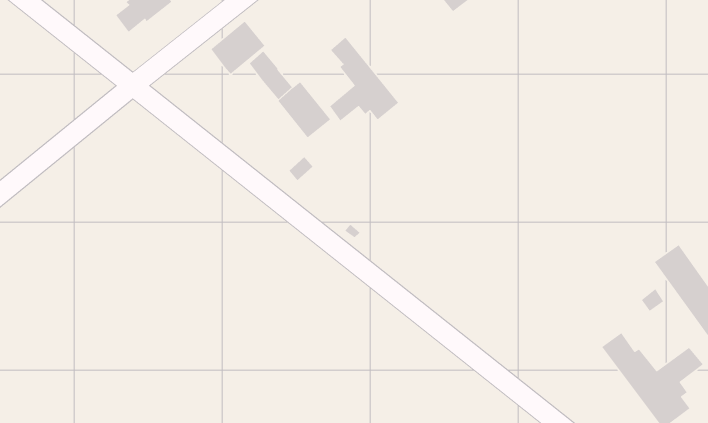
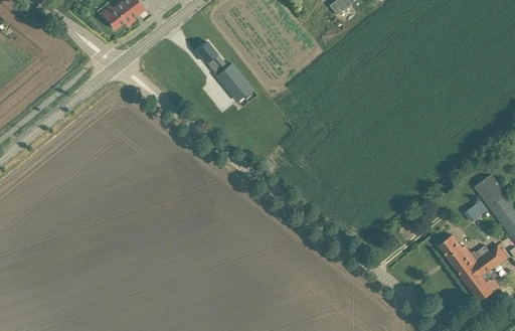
building: [210,20,266,75] -> none
building: [329,37,399,122] -> none

